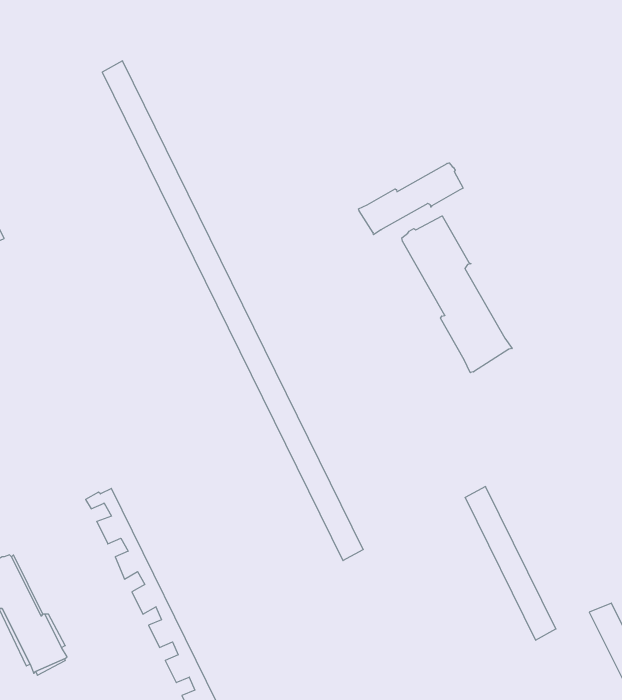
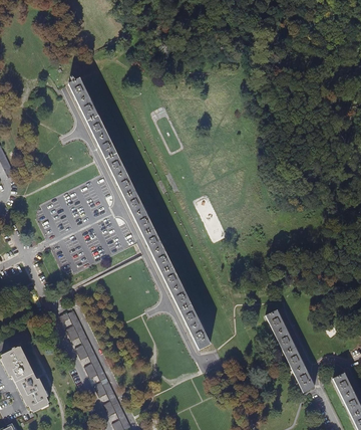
building: [359,163,463,235] -> none
building: [402,216,512,373] -> none

